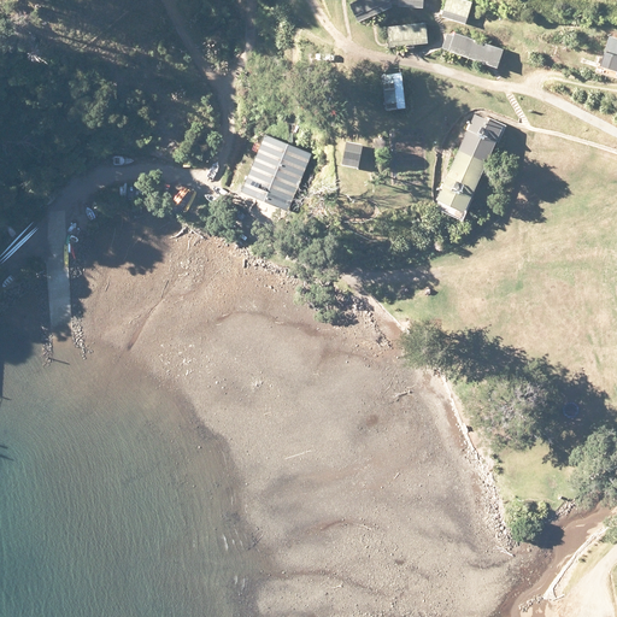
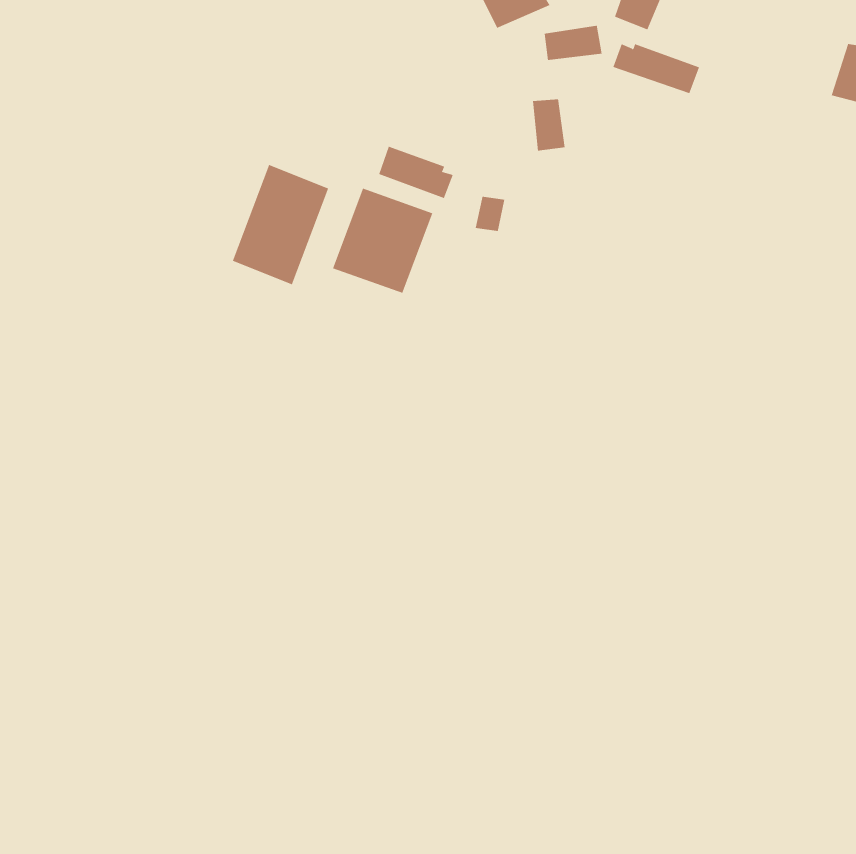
building: none -> [379,146,453,199]
building: [436,110,505,210] -> none
building: none -> [232,164,329,285]

